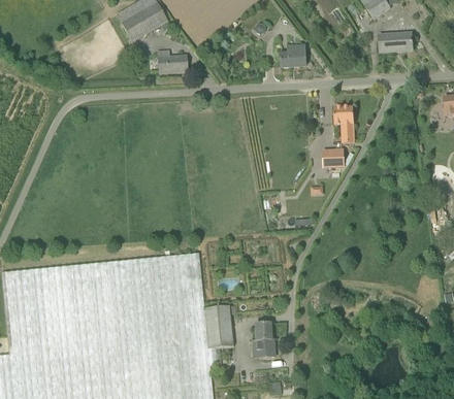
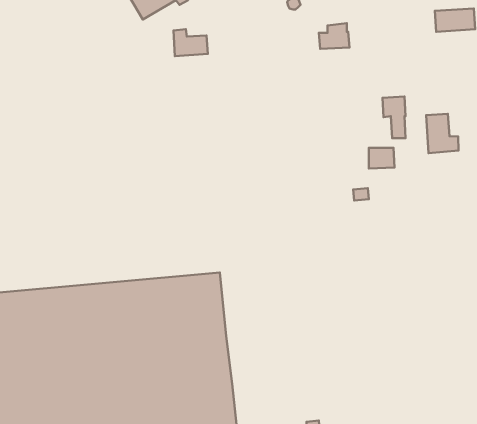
building: none -> [426,114,459,153]
building: [202,305,232,348] -> none
building: [252,323,274,357] -> none

